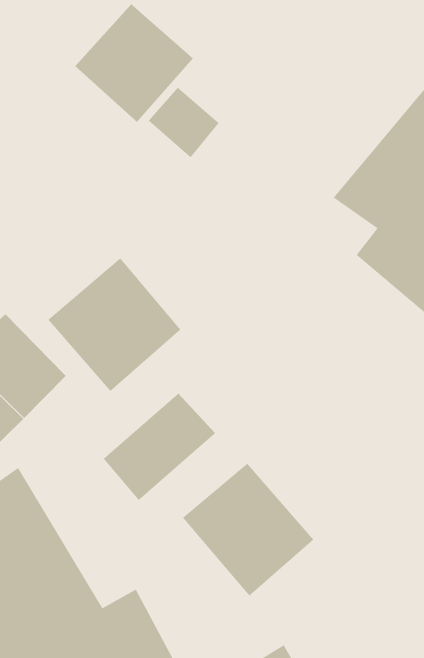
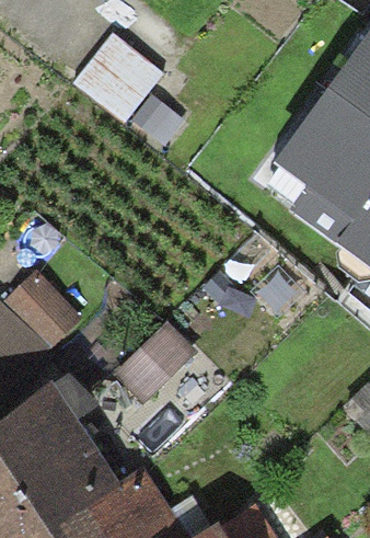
building: [48,258,181,392] -> none
building: [182,463,314,596] -> none

